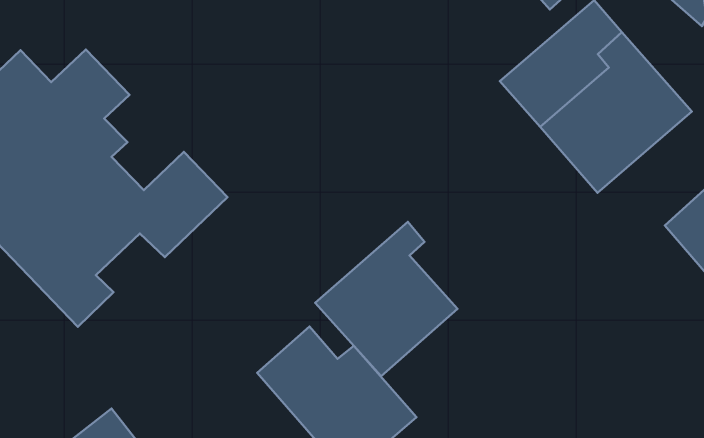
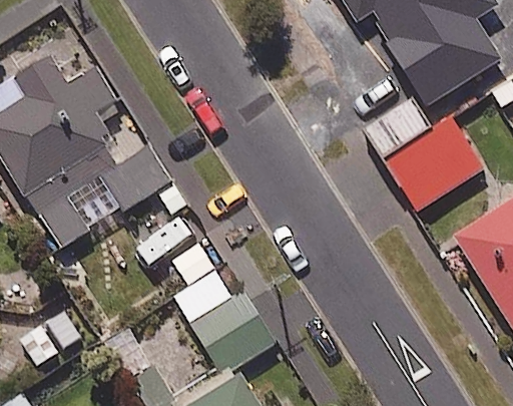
building: [315,222,458,376] -> none

